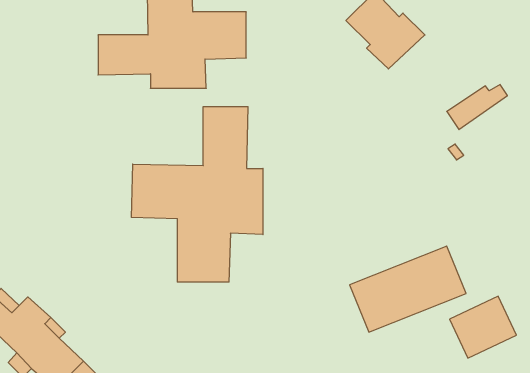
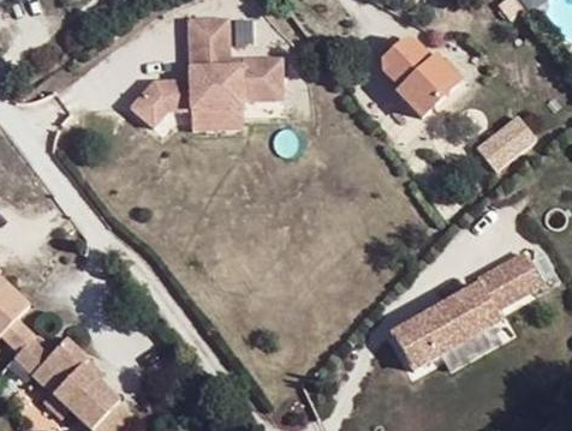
building: [131,107,263,282] -> none
building: [450,296,516,358] -> [477,250,543,311]

